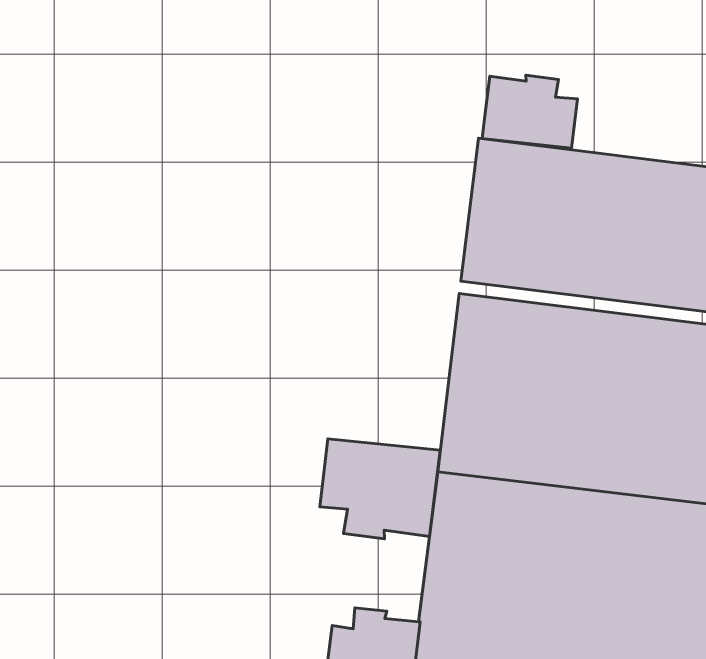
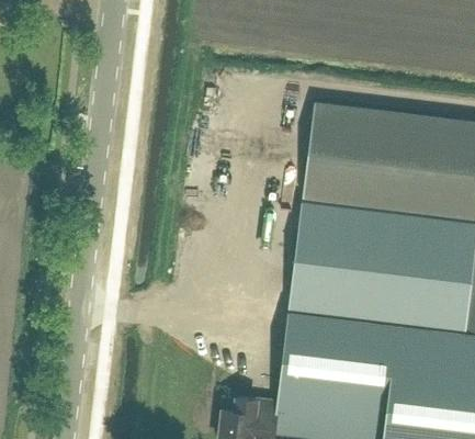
building: [482,75,578,148] -> none
building: [320,439,440,539] -> none

